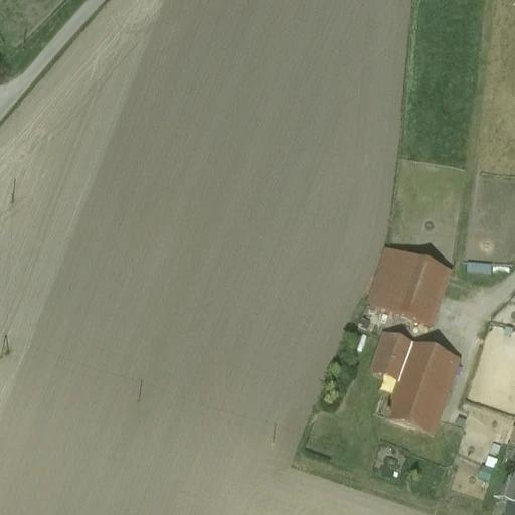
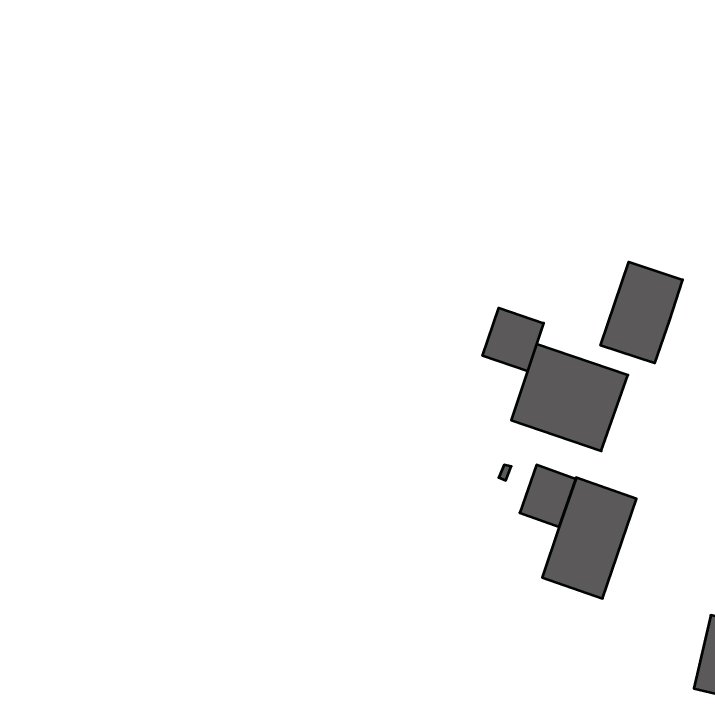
building: none -> [601,262,683,363]
building: none -> [483,308,544,371]

